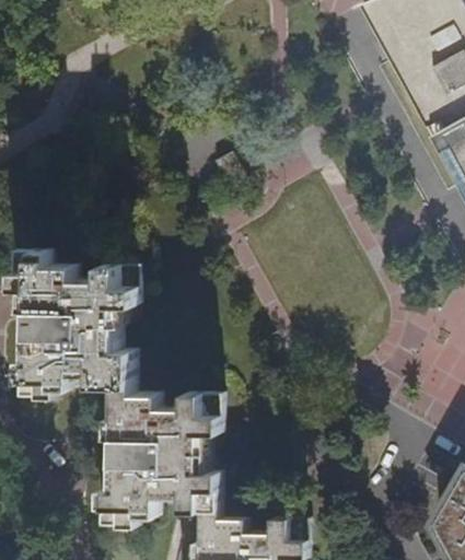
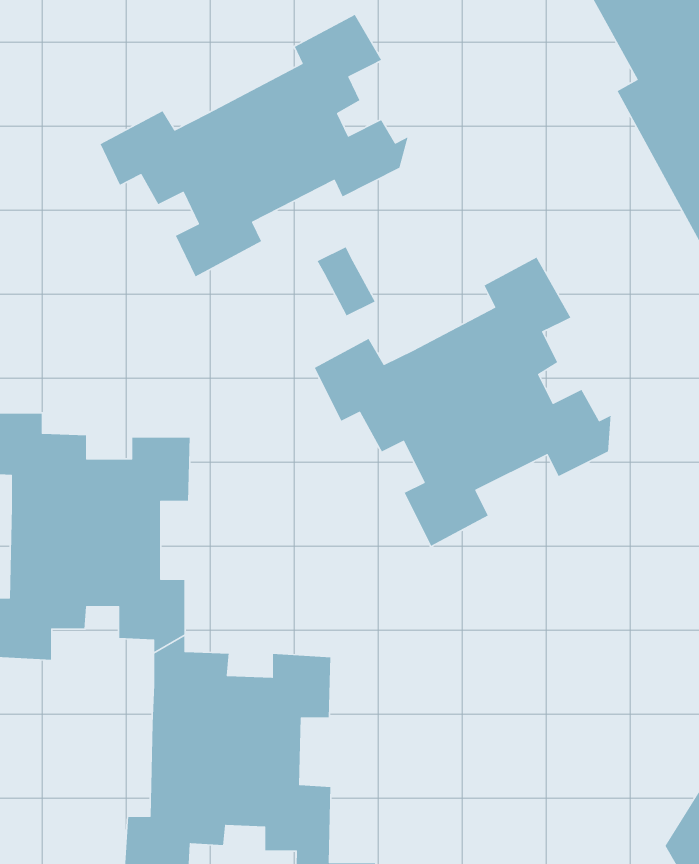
building: none -> [99,14,409,277]
building: none -> [314,256,611,547]

